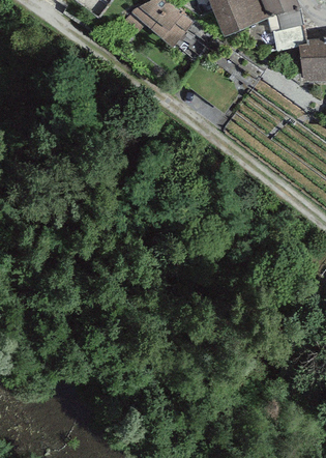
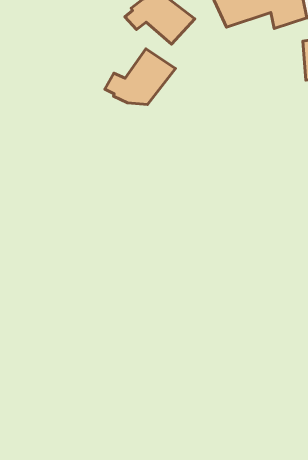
building: none -> [105,49,176,105]

